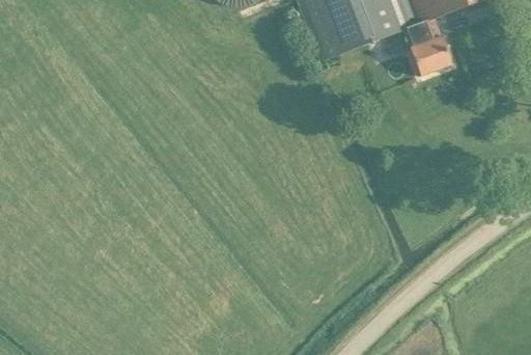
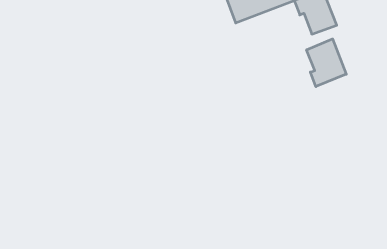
building: none -> [307,39,346,87]

